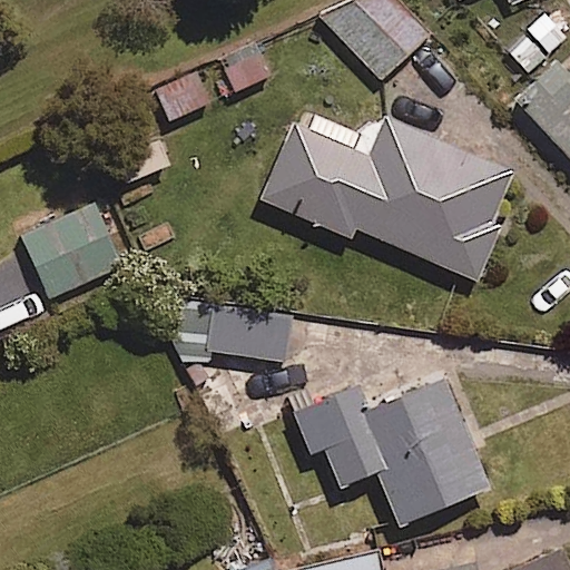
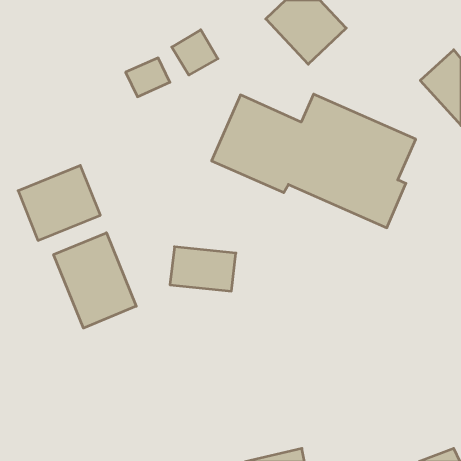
building: none -> [54,233,136,328]
building: [295,382,485,523] -> none

